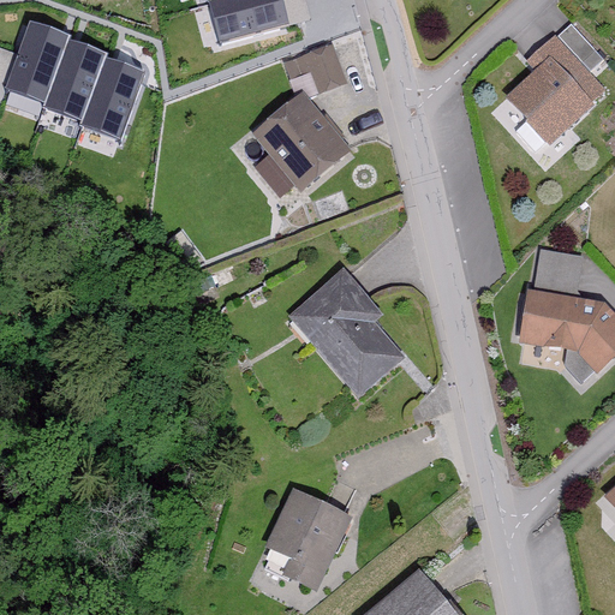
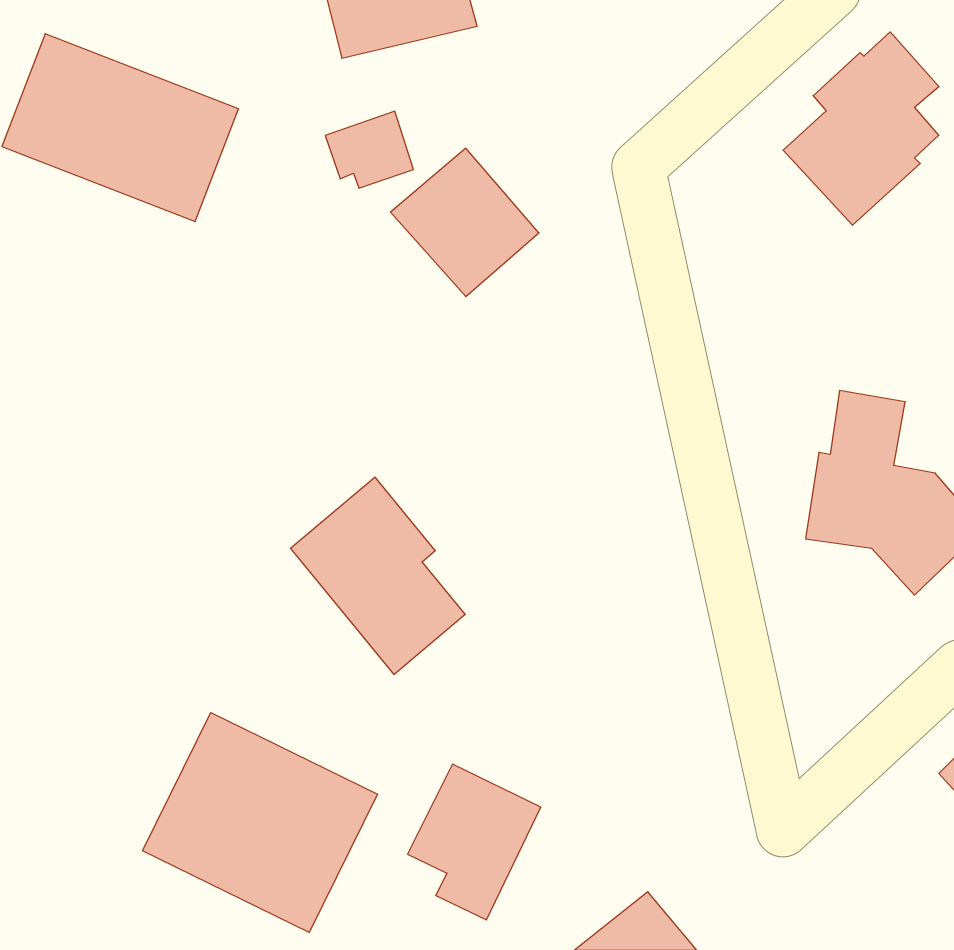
building: [287,46,344,95] -> [325,111,413,188]
building: [289,270,401,396] -> [291,477,465,674]
building: none -> [143,713,378,932]

